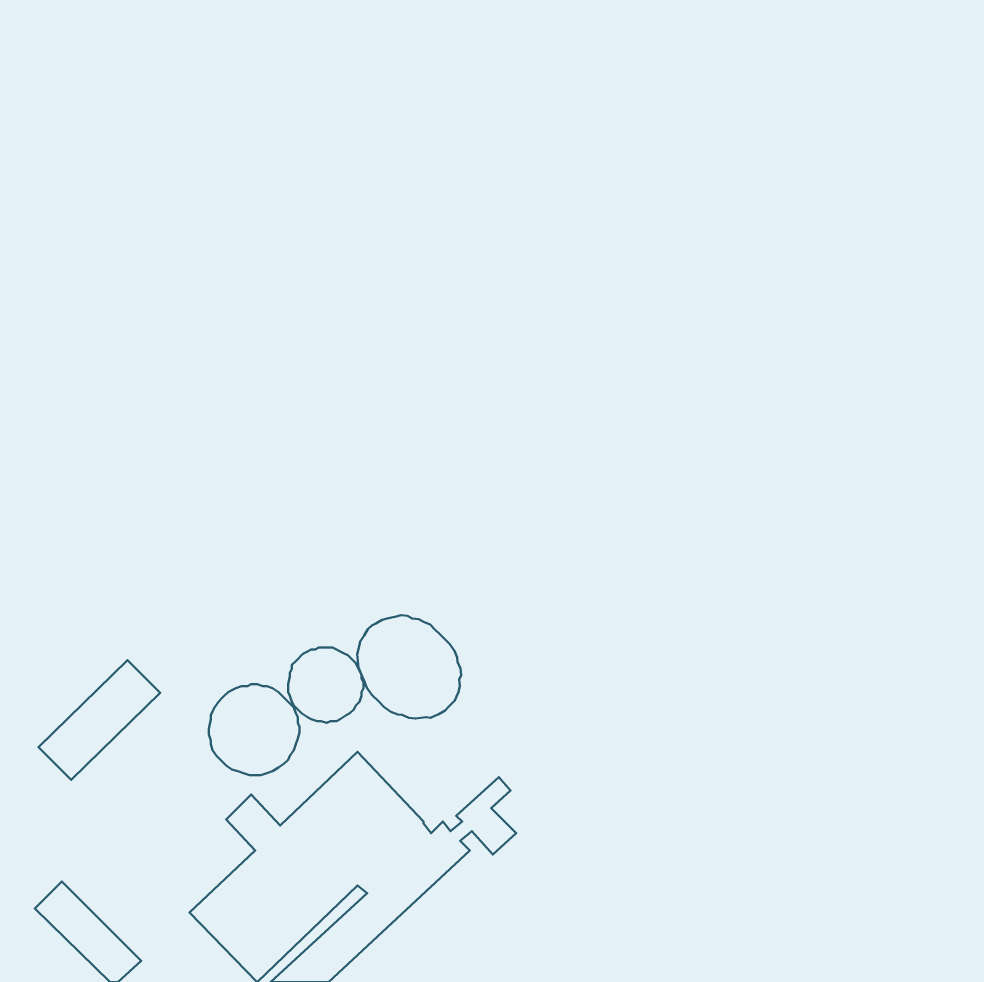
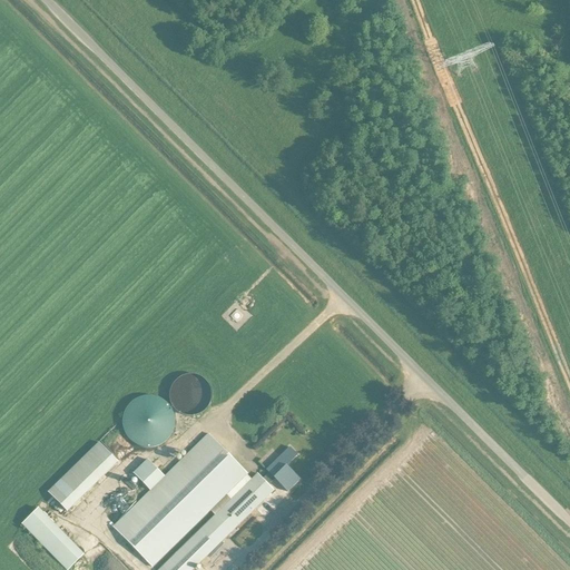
building: [357,615,461,718] -> none
building: [38,660,160,780] -> [48,442,118,511]

